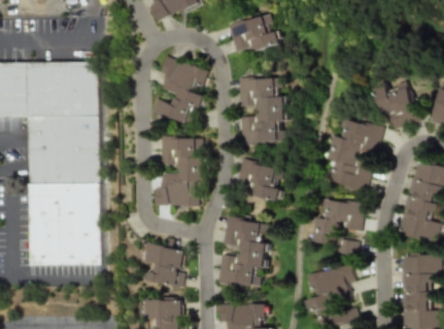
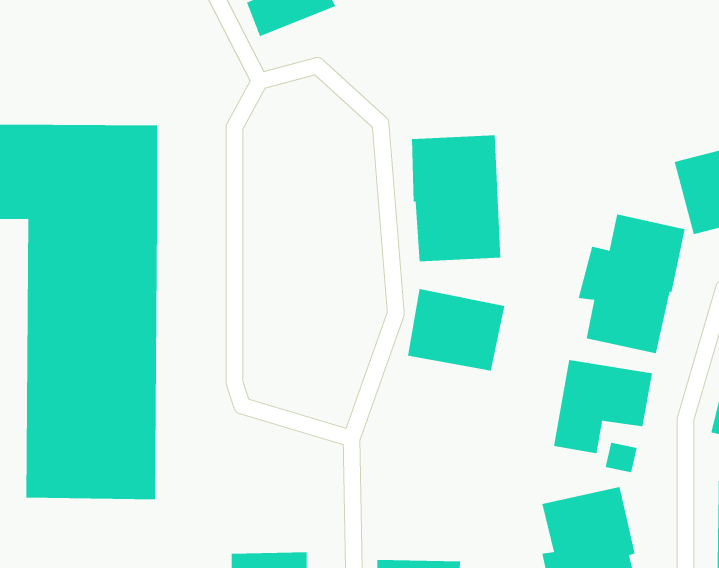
building: [227,13,280,54] -> none
building: [151,54,206,125] -> none
building: [152,136,203,206] -> none
building: [216,214,271,288] -> none
building: [141,243,185,286] -> none

